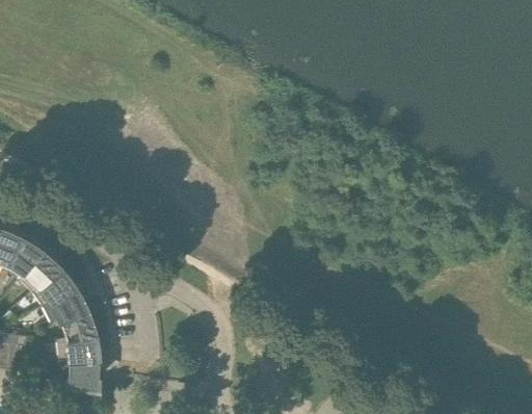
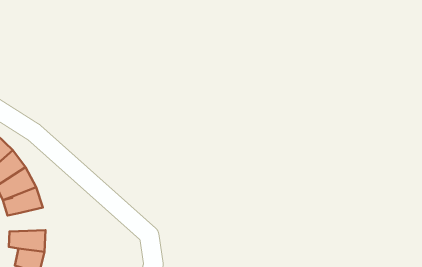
building: [62,311,98,342] -> none

